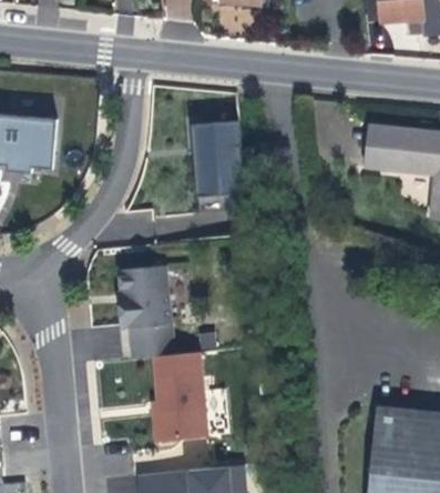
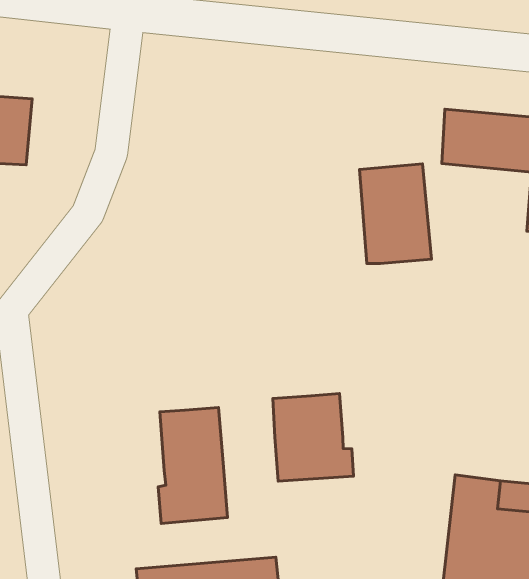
building: [191,122,245,198] -> [359,164,431,264]
building: [117,266,173,359] -> none
building: none -> [273,394,354,481]

